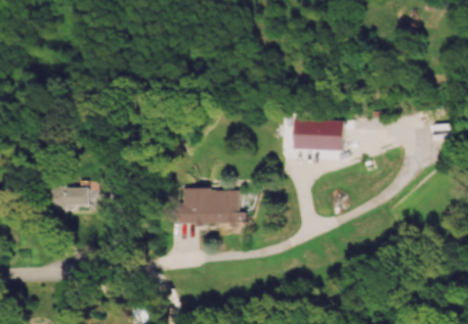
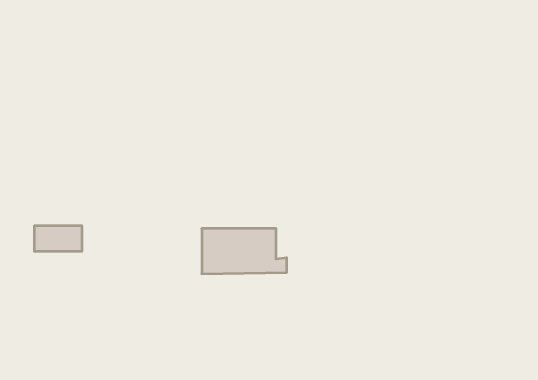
building: [293,119,344,150] -> none

